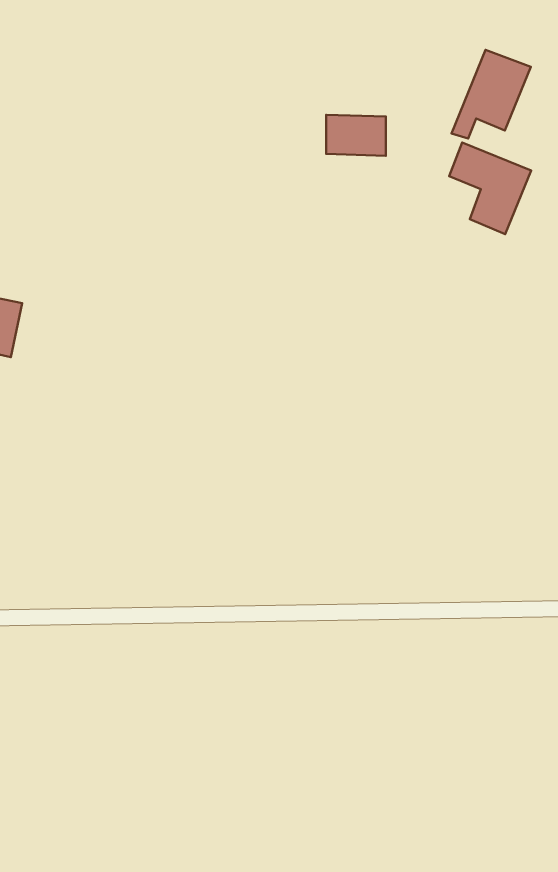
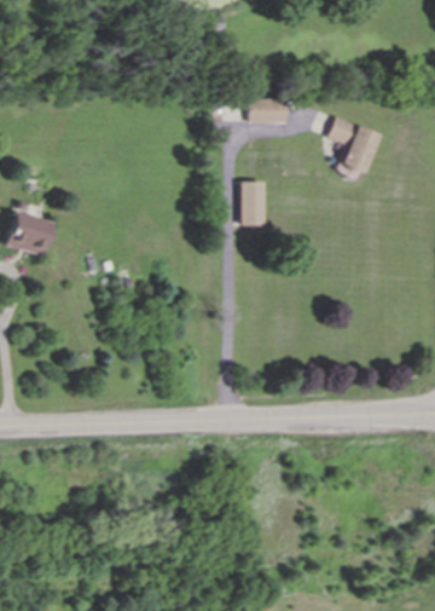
building: [452,50,531,138] -> none
building: none -> [239,180,265,225]

